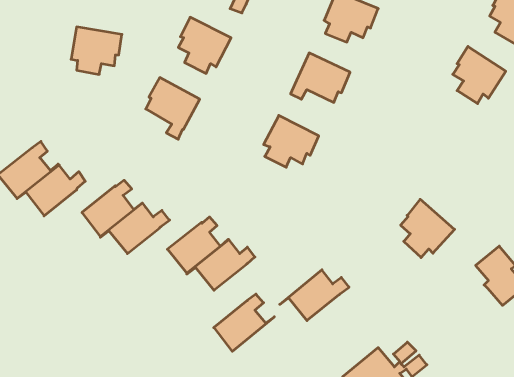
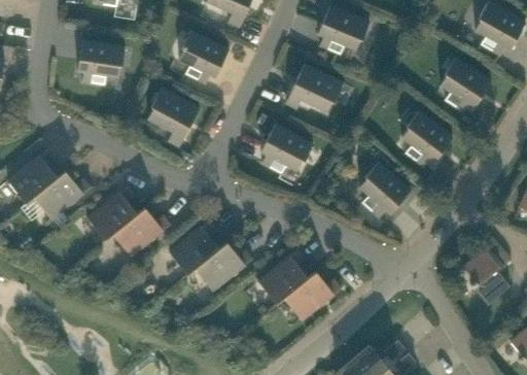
building: none -> [401,111,453,166]
building: [401,199,455,258] -> [359,162,411,217]
building: [214,294,274,351] -> [258,249,316,304]

